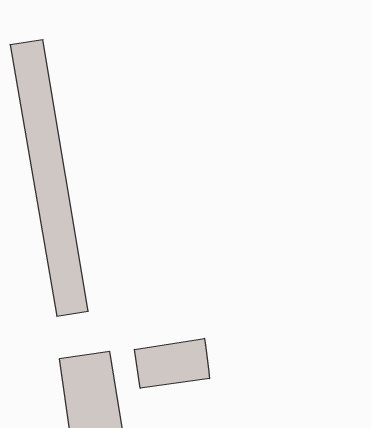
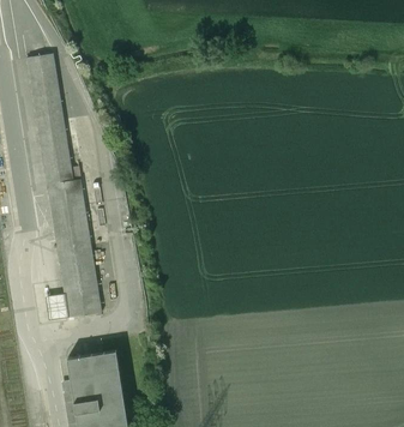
building: [134,338,209,388] -> none

